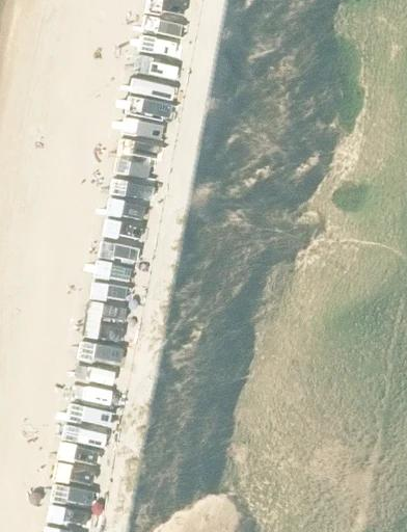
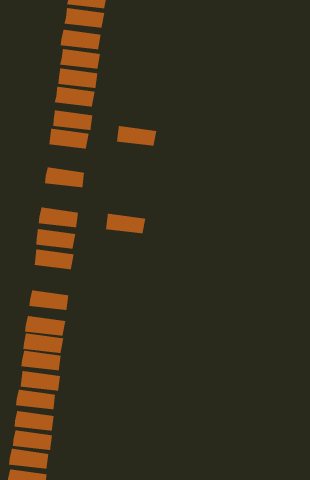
building: [111,174,154,197] -> [116,125,157,146]
building: [104,212,146,236] -> [105,213,146,234]
building: [86,295,129,319] -> none

